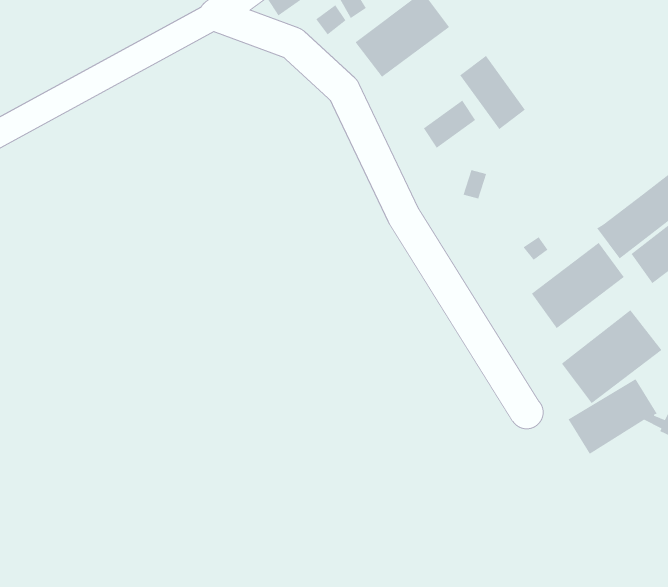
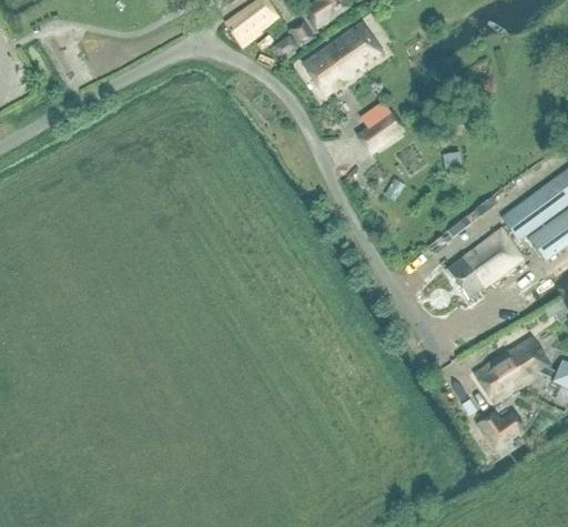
building: [459,55,526,130] -> none
building: [561,309,662,404] -> none
building: none -> [479,411,526,446]

